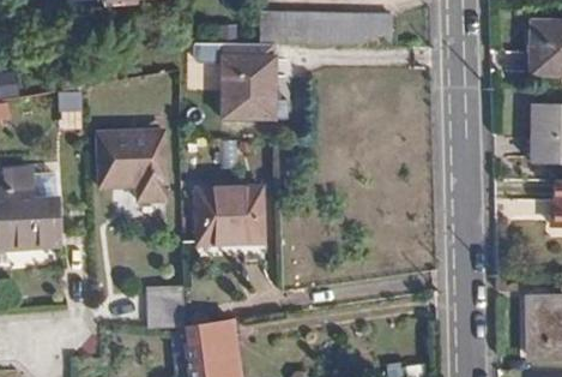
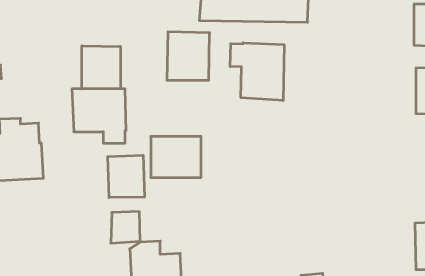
building: none -> [230,43,284,101]
building: none -> [82,46,120,89]
building: none -> [108,155,144,198]

